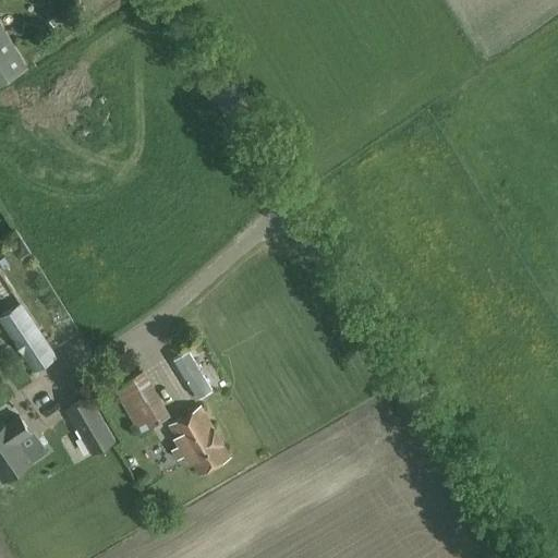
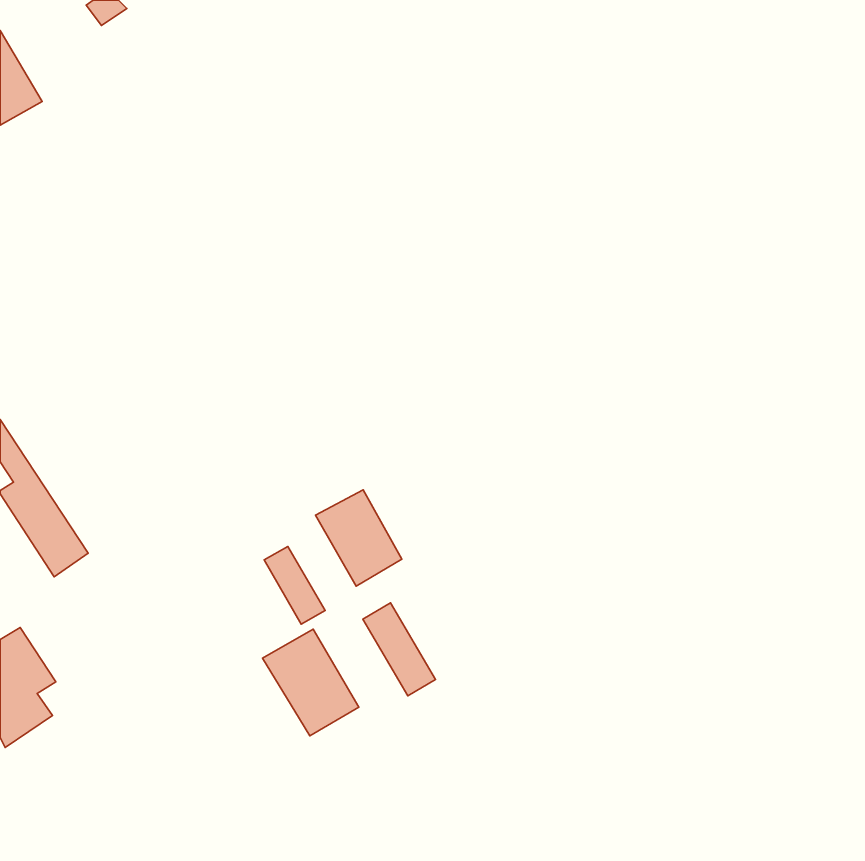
building: [114,373,170,435] -> [316,490,402,586]
building: none -> [363,603,435,696]
building: [69,398,116,456] -> none

